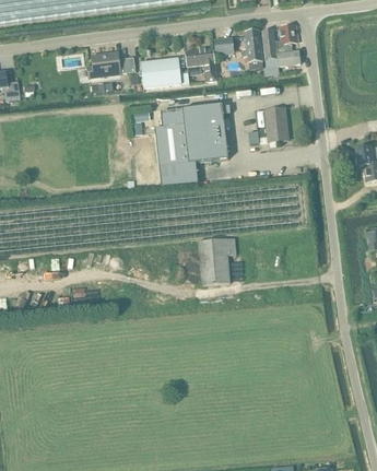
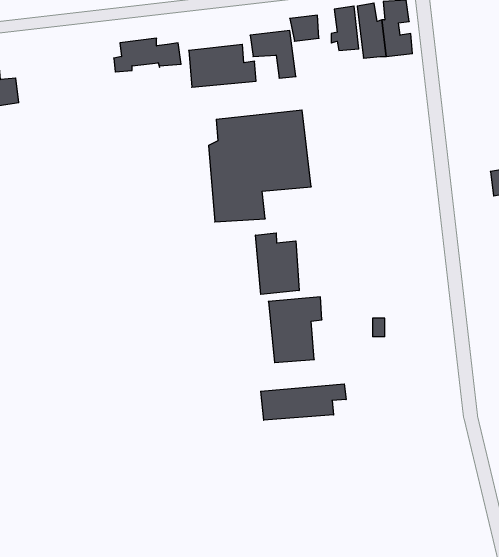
building: [258,107,288,141] -> none
building: none -> [256,233,299,294]
building: none -> [261,384,346,420]

